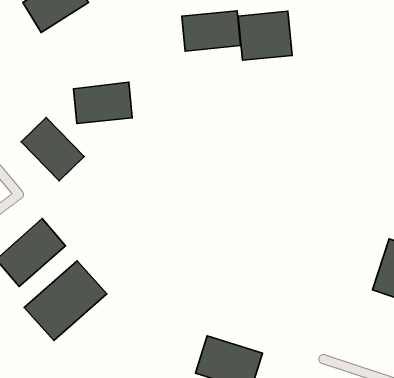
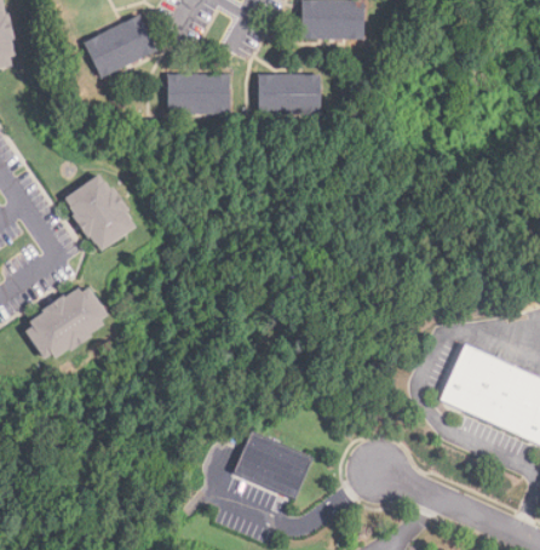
building: [238,11,292,60] -> none
building: [73,82,132,124] -> [167,74,229,114]
building: [24,261,107,340] -> none

